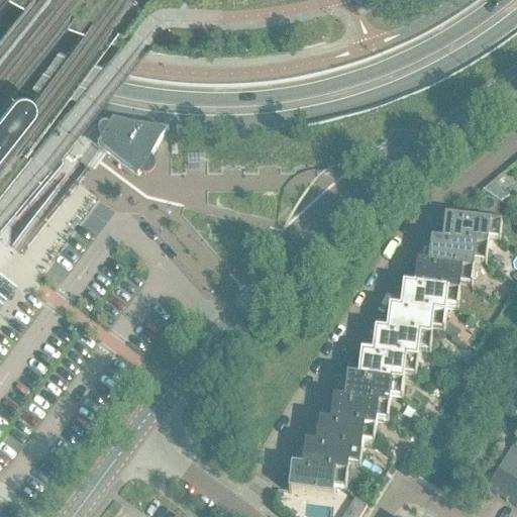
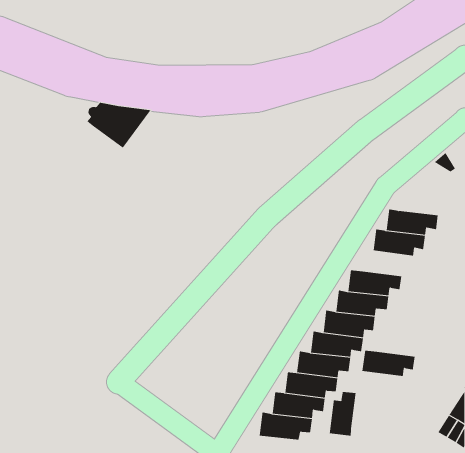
building: [441,209,500,238] -> none
building: [399,277,458,306] -> [362,350,415,377]
building: none -> [329,391,356,436]

